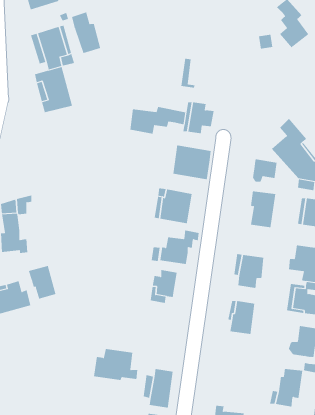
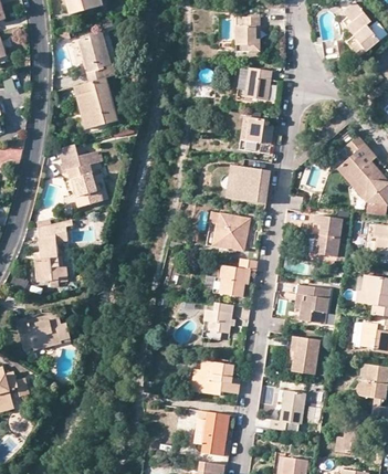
building: none -> [234,15,260,50]
building: [71,12,101,54] -> none
building: none -> [244,67,271,99]
building: [130,106,186,135] -> none
building: none -> [56,146,104,209]
building: [252,159,277,183] -> none
building: [28,265,56,300] -> none
building: [93,349,138,381] -> [189,359,239,394]
building: none -> [269,390,304,430]

